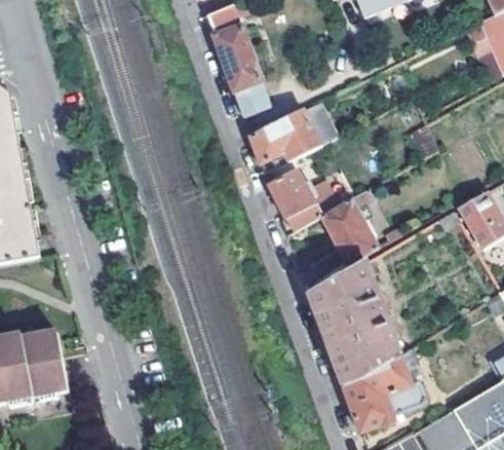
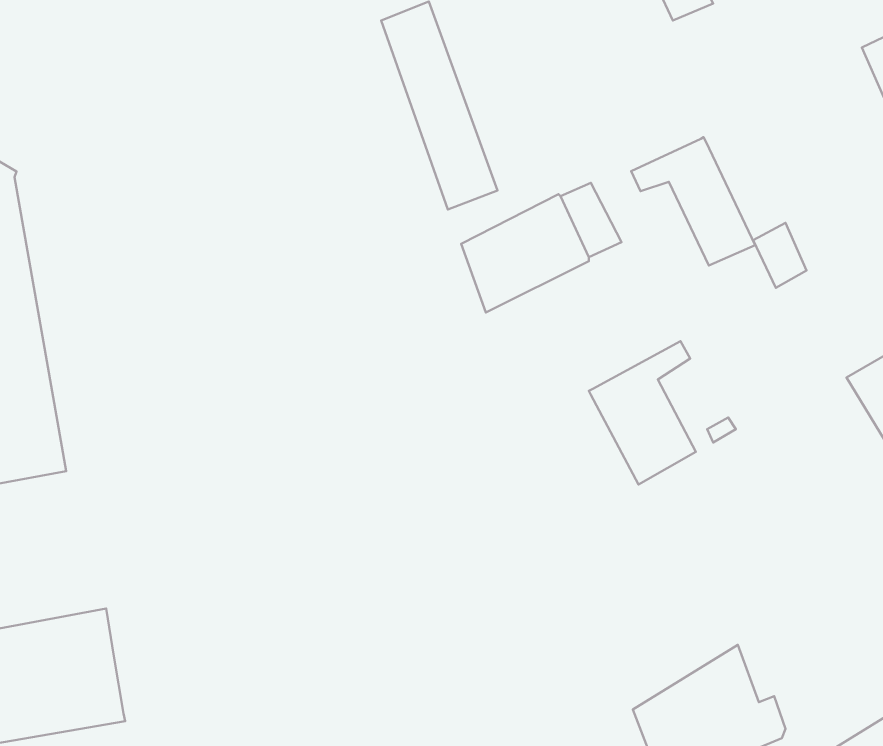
building: none -> [631,137,755,265]
building: [268,170,321,235] -> none
building: [308,261,399,386] -> none

